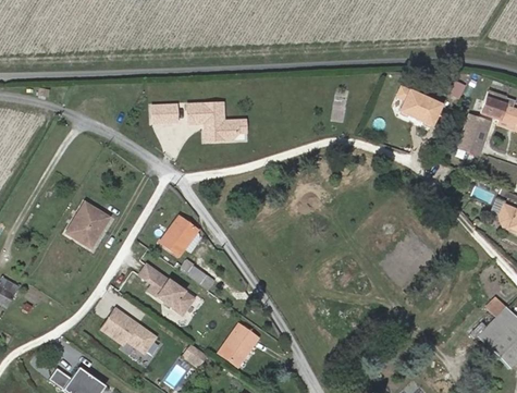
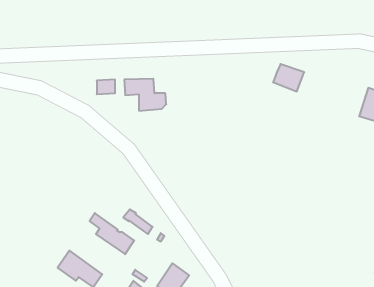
building: [402,87,439,120] -> [273,64,304,91]
building: [67,202,110,247] -> none
building: [160,217,200,256] -> none

